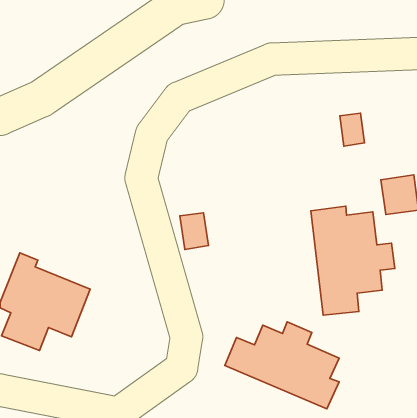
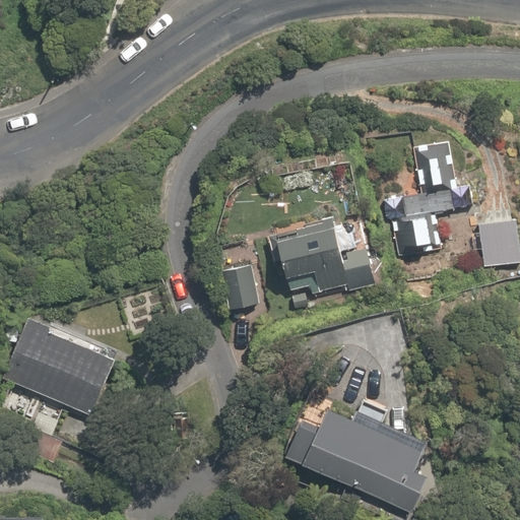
building: none -> [404,192,458,243]
building: none -> [273,218,376,295]
building: [311,206,395,315] -> none

